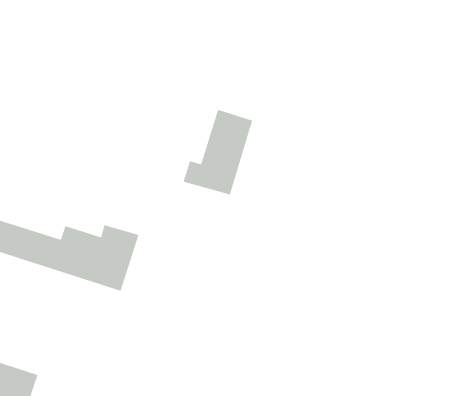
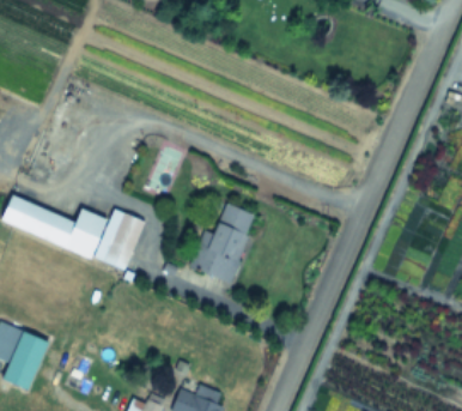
building: [183,109,253,195] -> [189,205,255,283]

